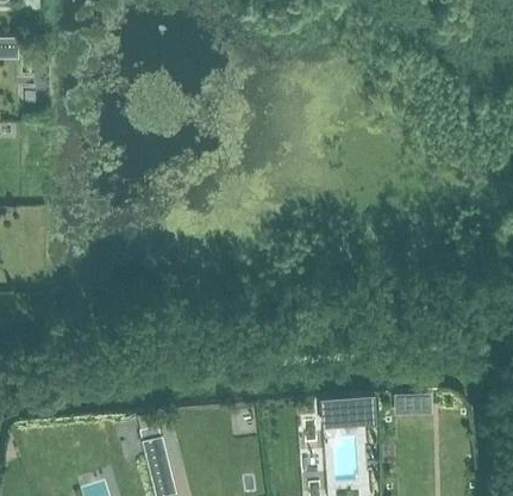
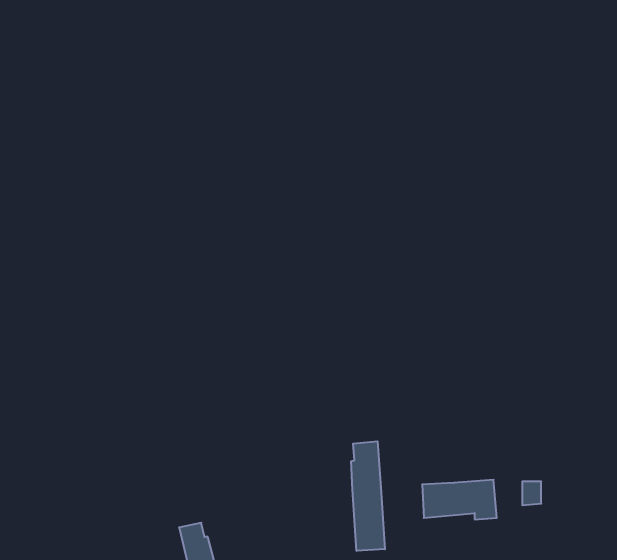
building: none -> [351,441,385,551]

